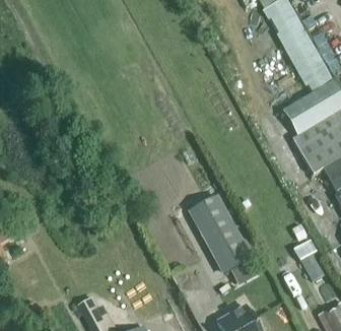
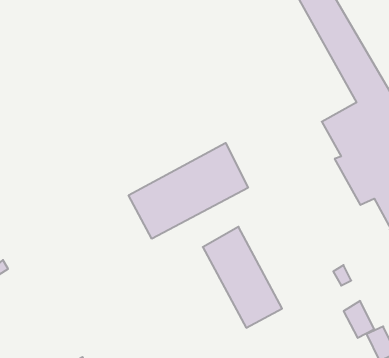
building: none -> [129,143,248,239]

